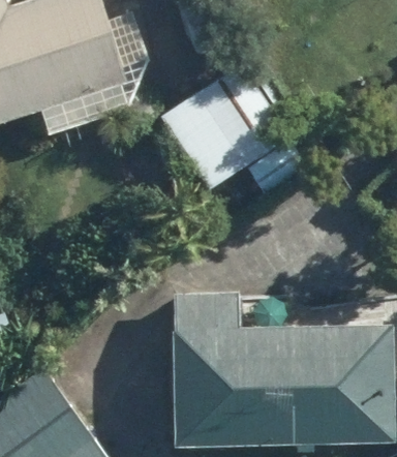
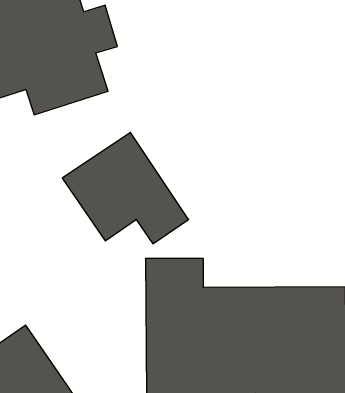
building: [161,69,301,192] -> [62,132,189,244]

